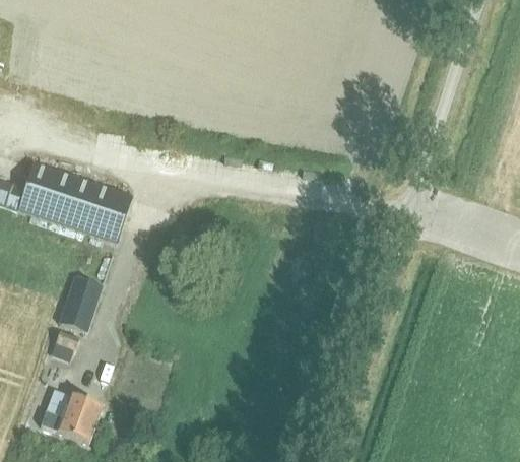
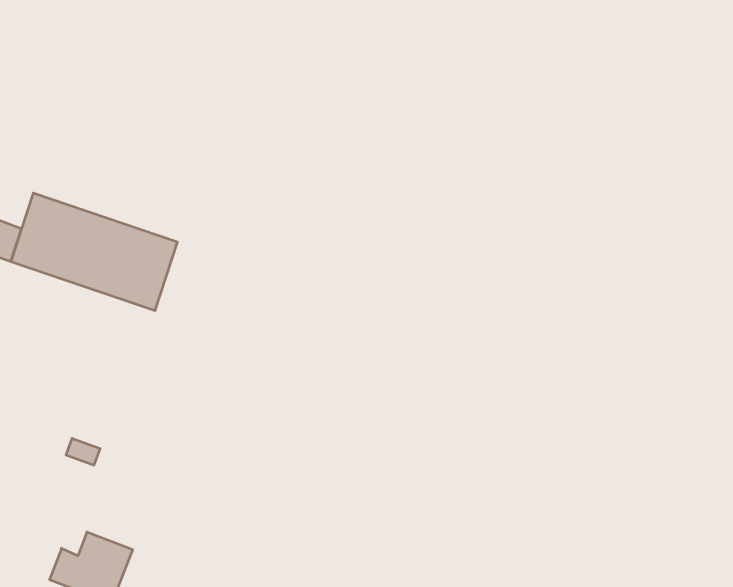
building: [58,276,102,331] -> none

